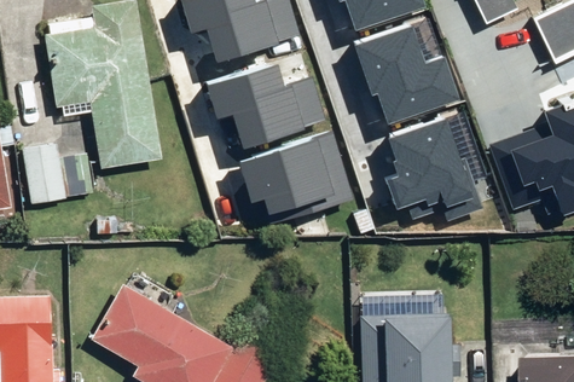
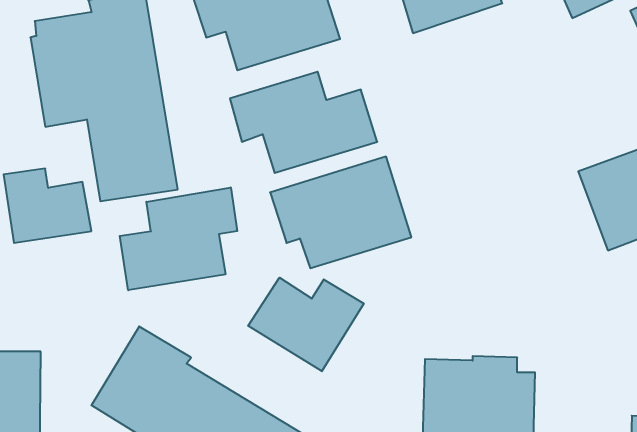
building: [354,28,459,127] -> none
building: [385,120,482,222] -> none
building: none -> [120,187,237,290]
building: none -> [248,278,364,371]

